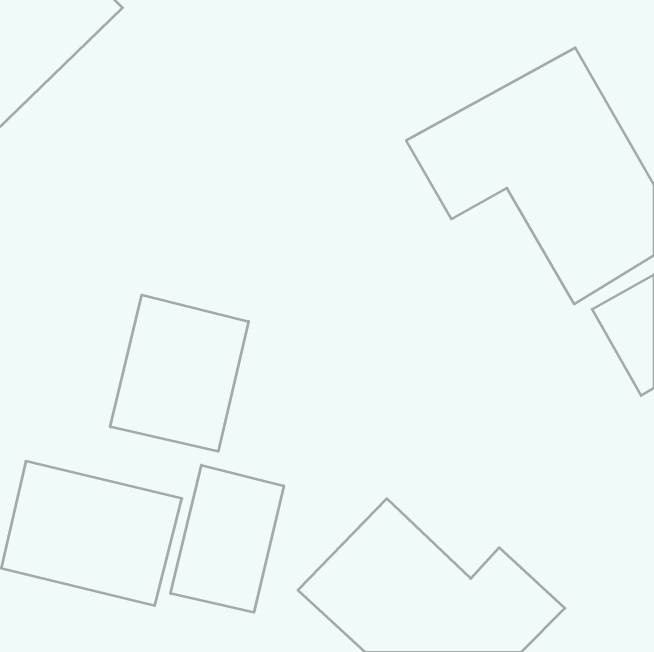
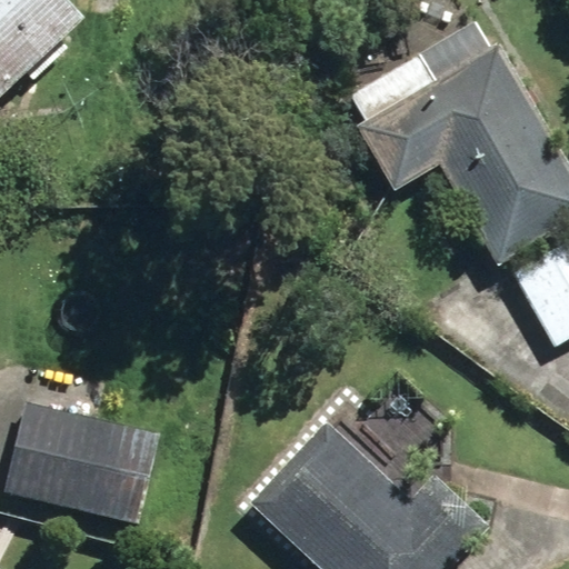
building: [110,295,249,451] -> none
building: [171,465,284,612] -> none

